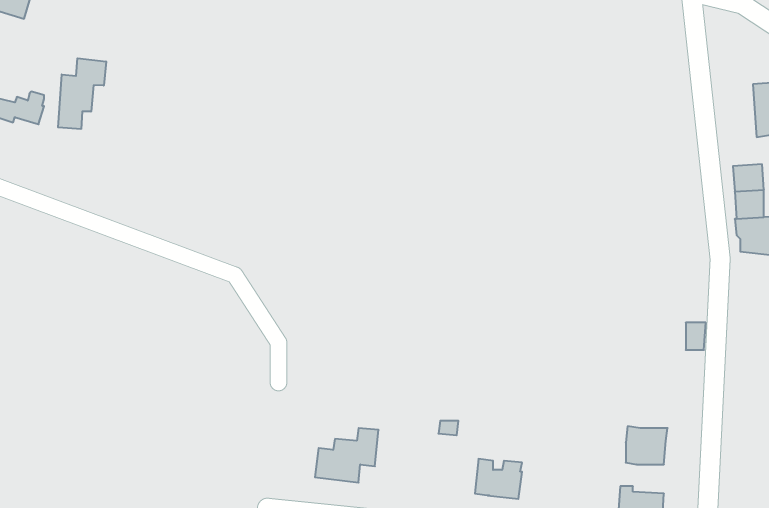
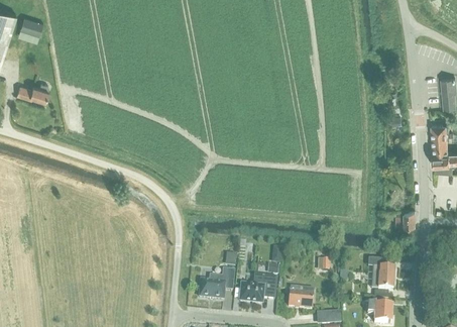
building: [58,58,106,129] -> none
building: none -> [239,272,276,301]

